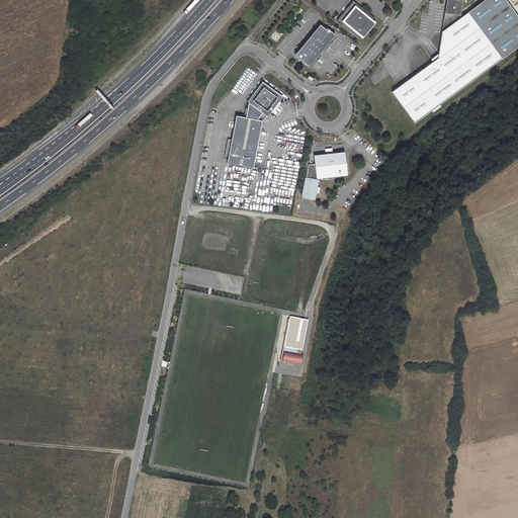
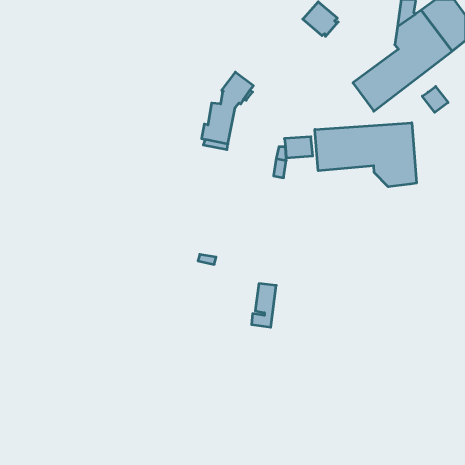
building: [298,24,335,65] -> none
building: none -> [422,86,448,112]
building: none -> [315,123,416,187]

